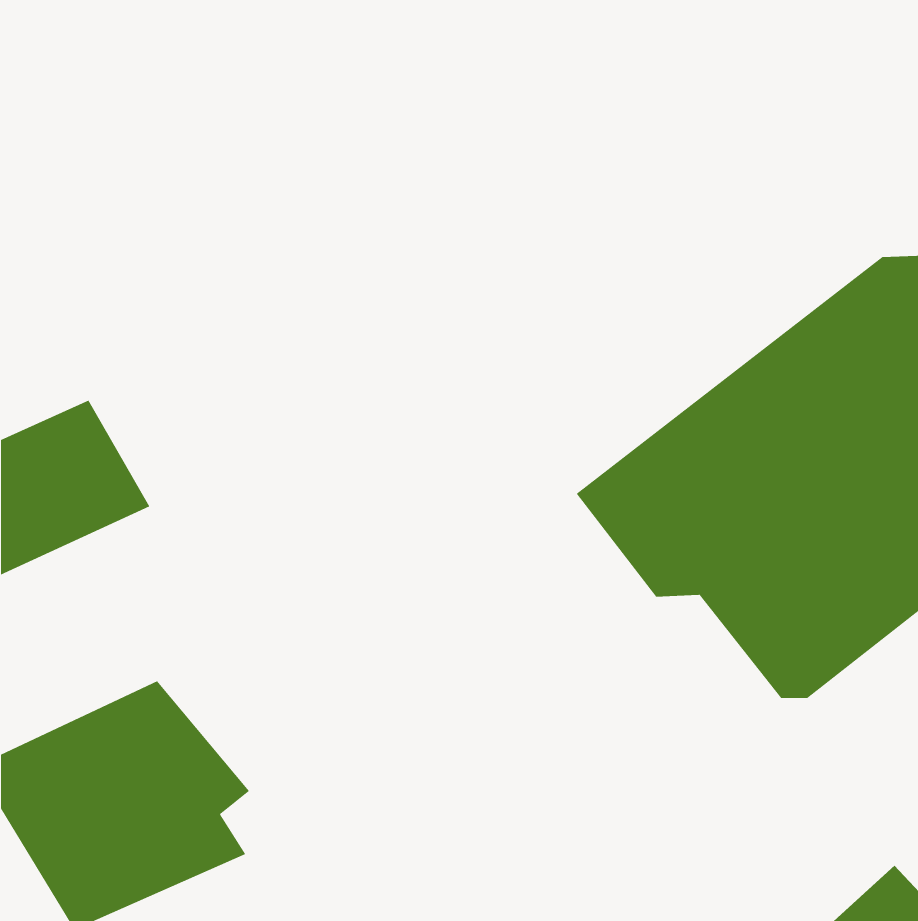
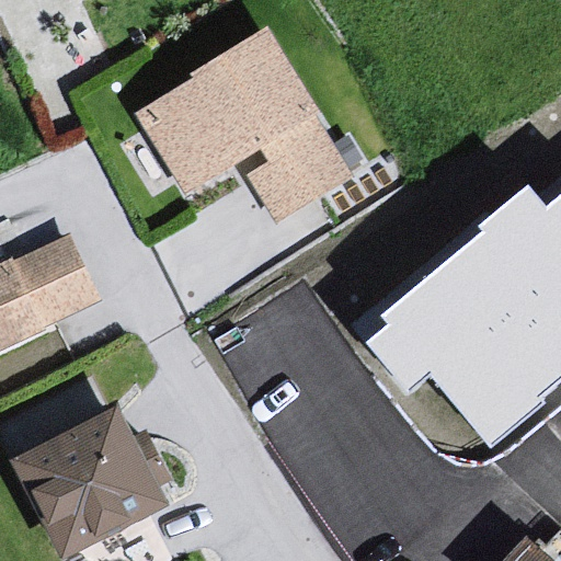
building: none -> [150,36,360,240]

